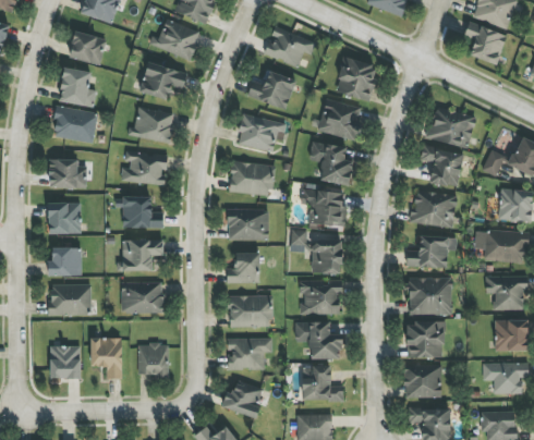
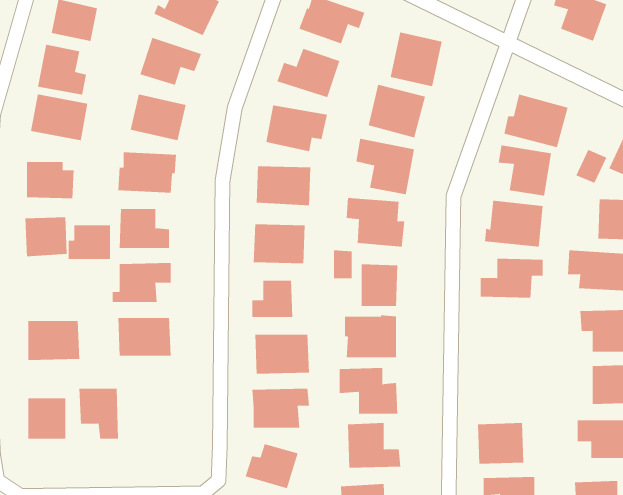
building: [48,247,82,274] -> [68,225,111,259]
building: [409,277,451,314] -> none
building: [406,321,445,357] -> none
building: [138,343,169,375] -> none

